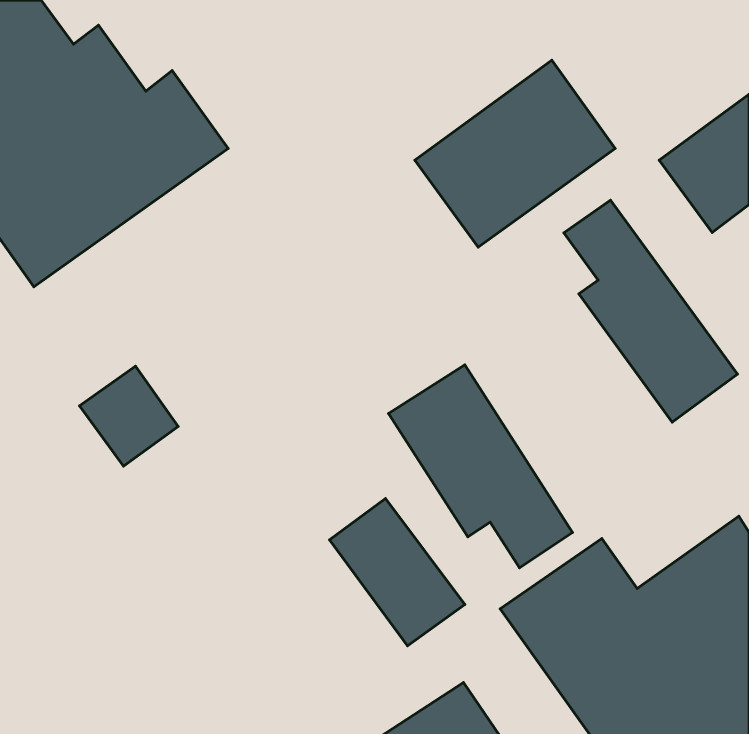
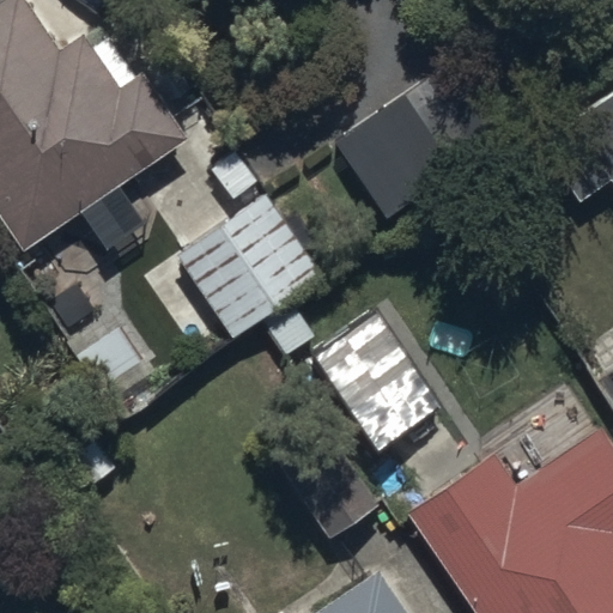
building: [564,200,737,422] -> none
building: none -> [154,198,323,362]

